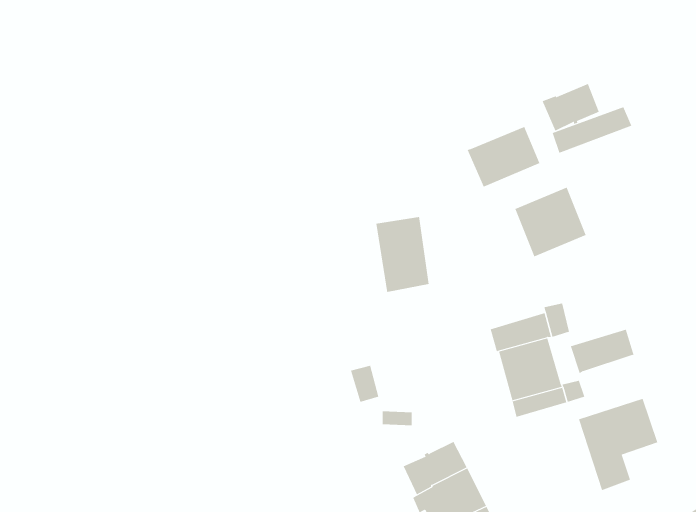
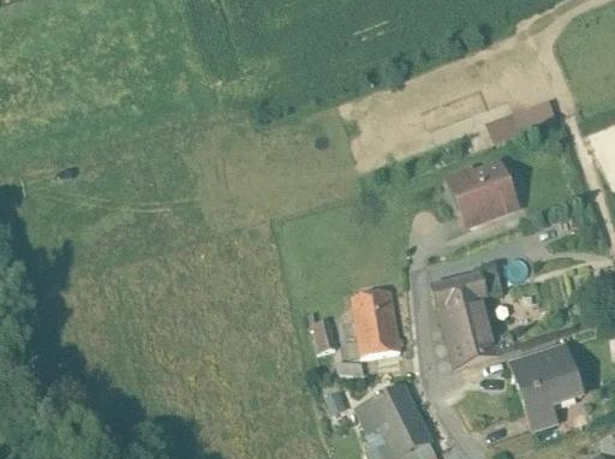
building: [542,83,599,132] -> none
building: [467,126,540,187] -> none
building: [375,217,429,293] -> [353,291,400,357]
building: [570,329,635,374] -> none

